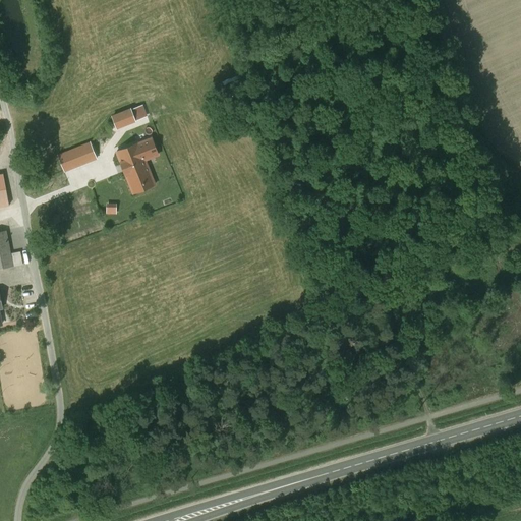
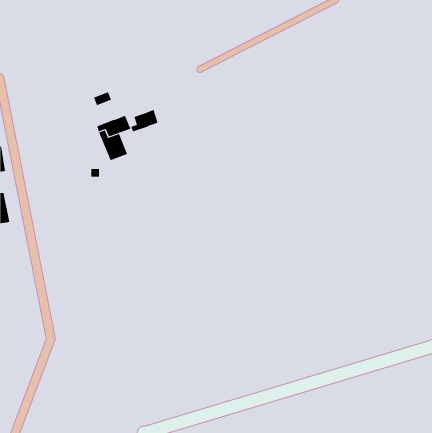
building: none -> [130,109,158,132]
building: [57,142,96,171] -> none

